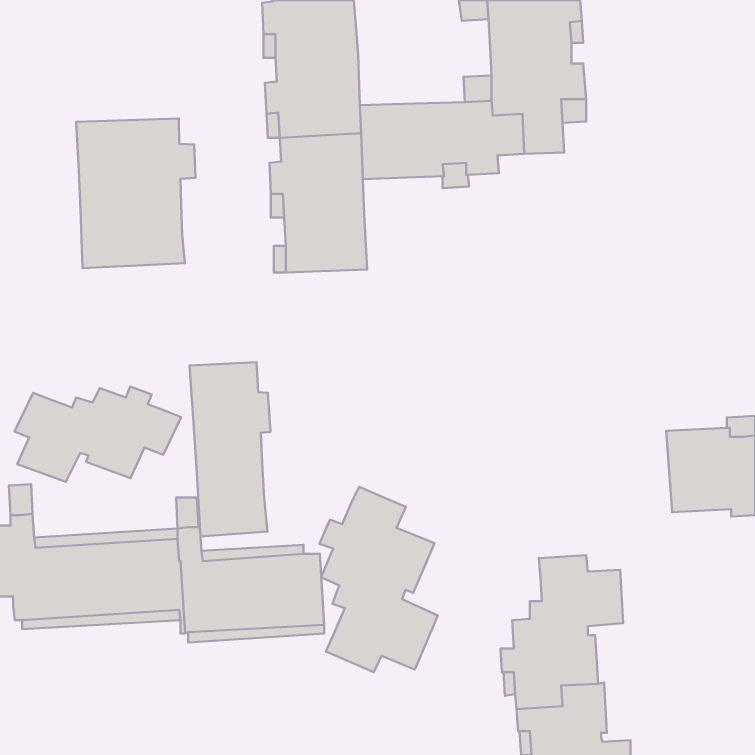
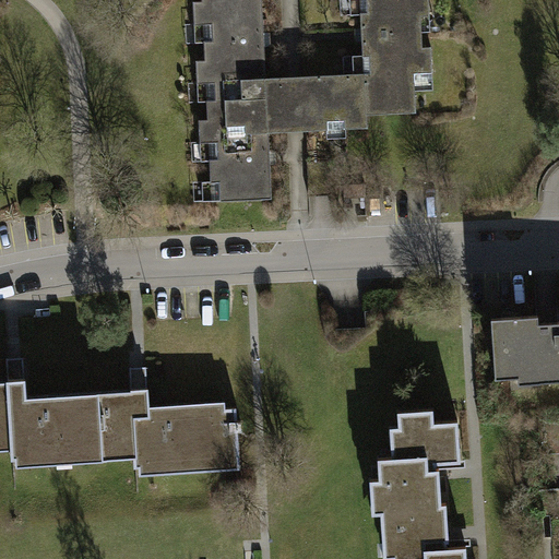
building: [76,118,196,268] -> none
building: [190,362,270,536] -> none
building: [15,386,181,482] -> none
building: [319,487,438,672] -> none

